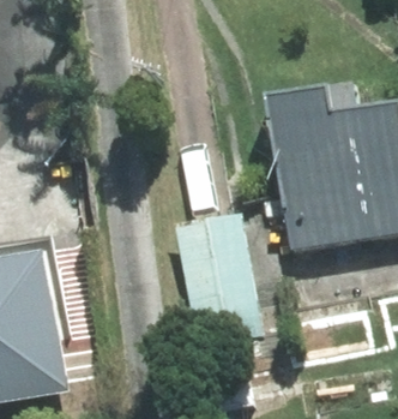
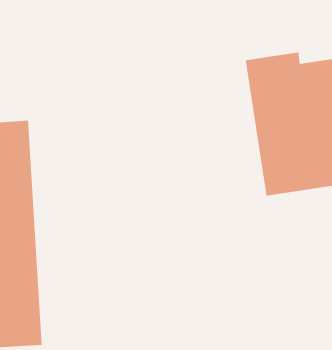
building: [174,192,258,334] -> none

